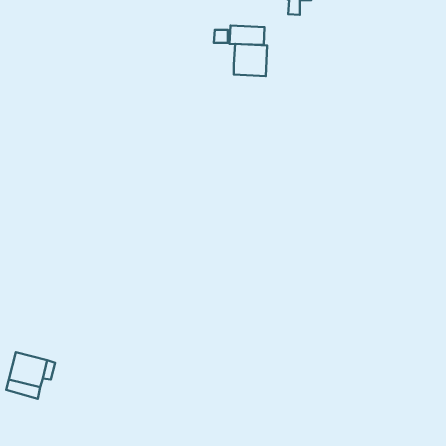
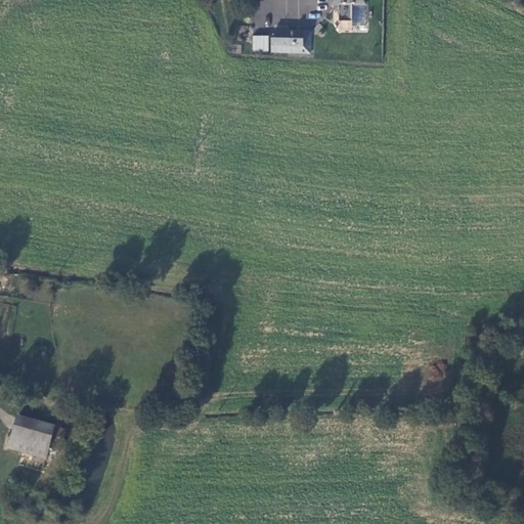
building: [234,44,267,76] -> none

